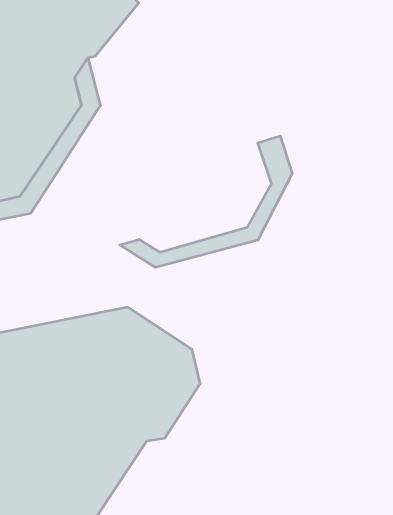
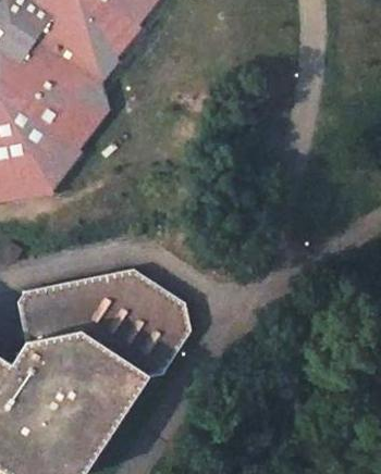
building: [120,136,292,267] -> none

